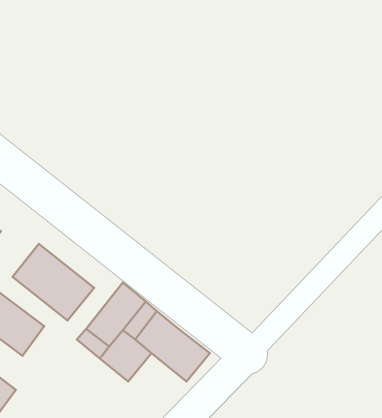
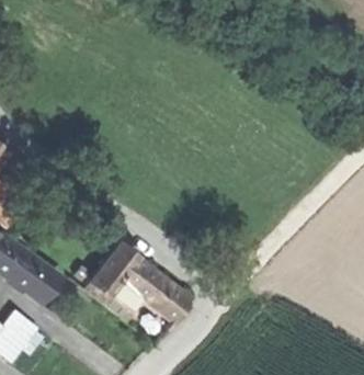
building: [12,244,94,320] -> none

